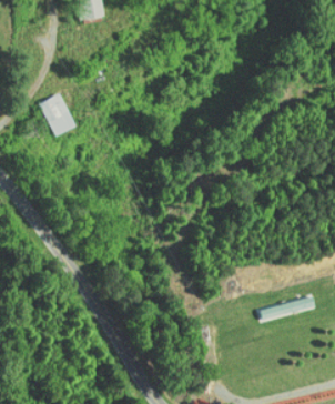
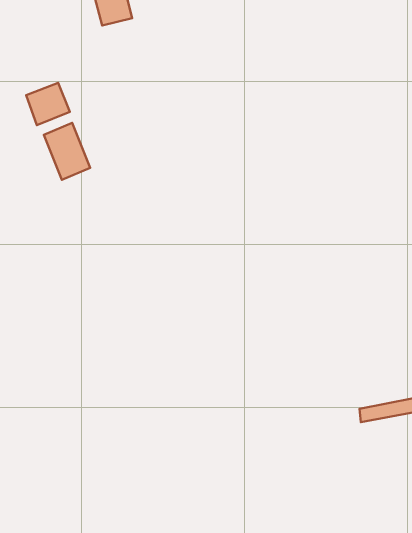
building: none -> [26,83,70,125]

